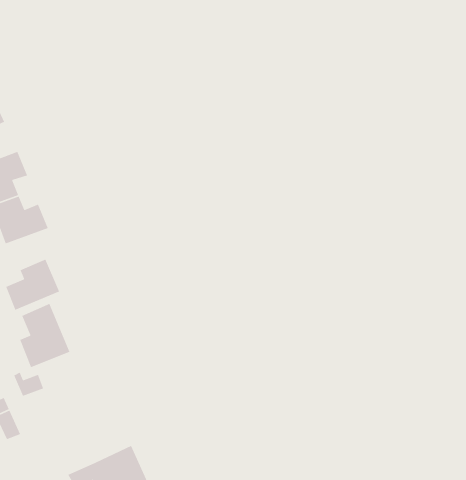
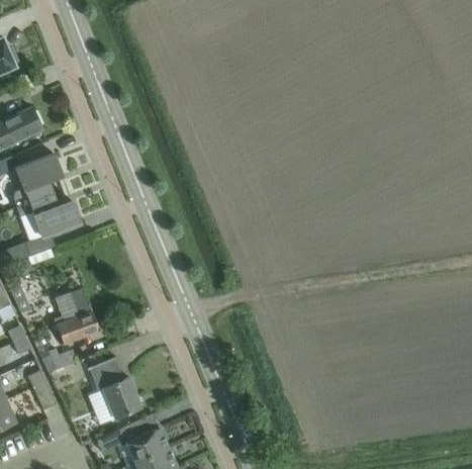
building: [5,259,60,311] -> none
building: none -> [88,357,141,417]

